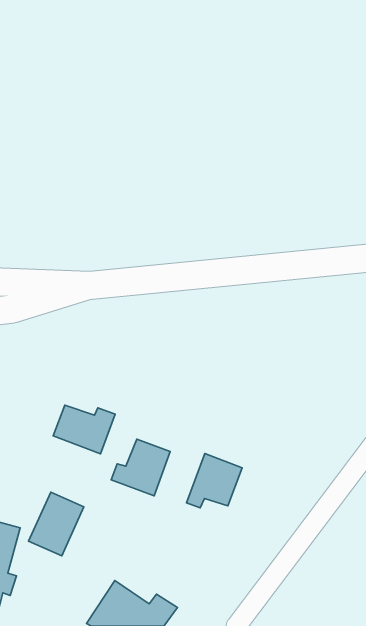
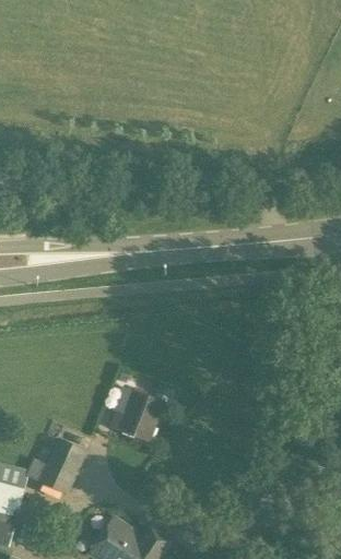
building: [53,405,115,454] -> none
building: [187,453,242,508] -> none

